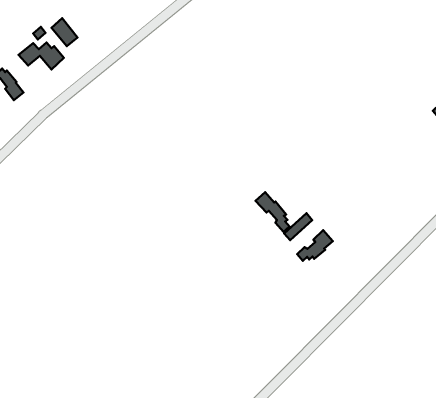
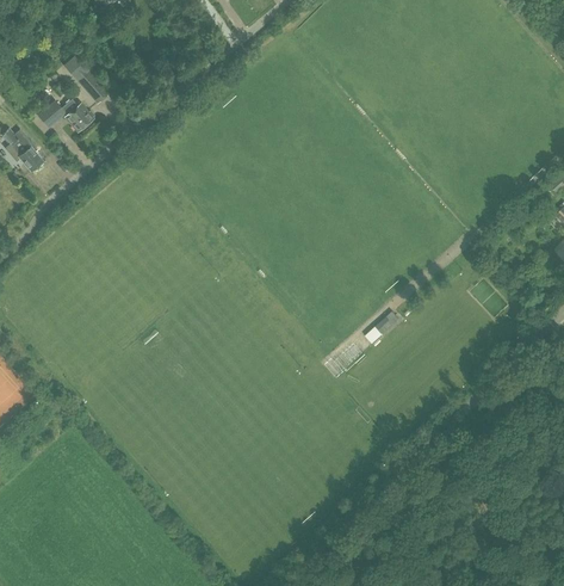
building: [255,192,290,232] -> none
building: [297,230,333,261] -> none

